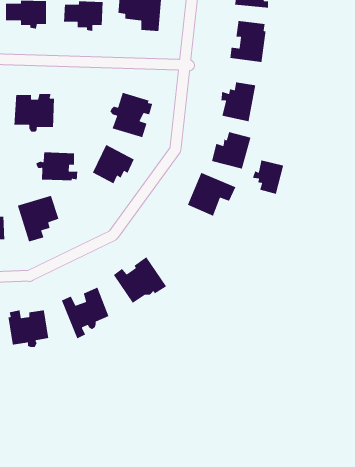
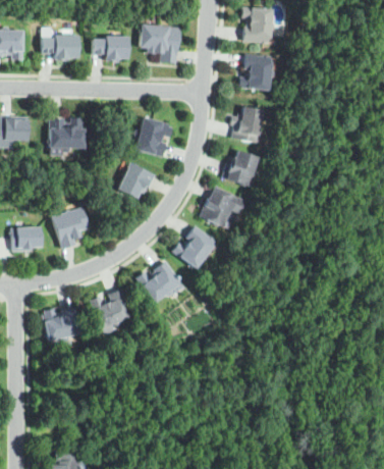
building: [35,152,78,181] -> none
building: [252,160,284,195] -> none
building: none -> [173,226,216,268]

